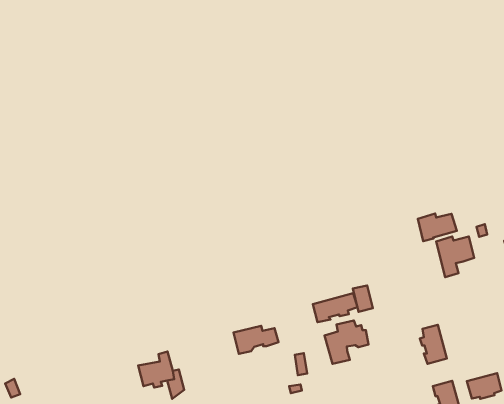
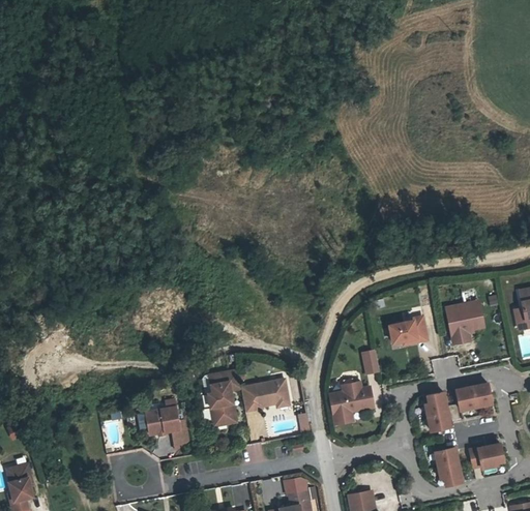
building: [418,214,457,241] -> [385,320,423,347]
building: [313,293,357,322] -> none
building: none -> [206,368,239,421]
building: none -> [455,383,493,410]

